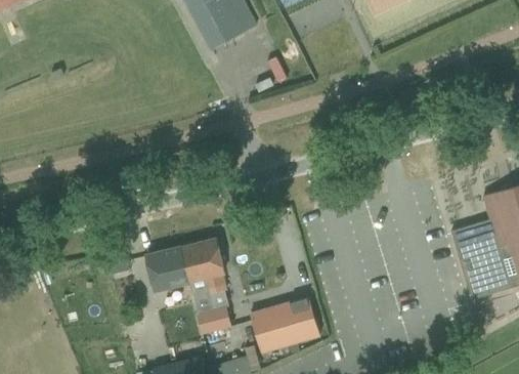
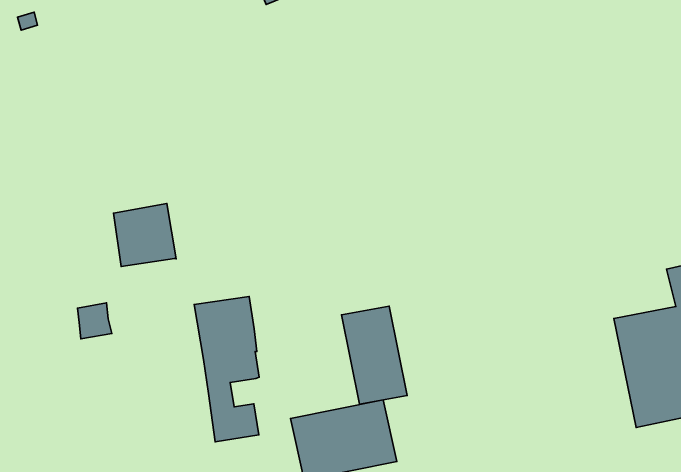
building: none -> [342,306,407,404]
building: [147,246,190,289] -> [113,204,176,267]

